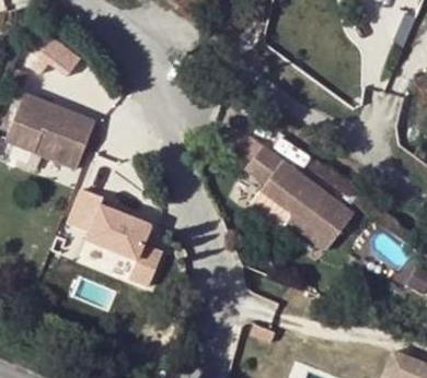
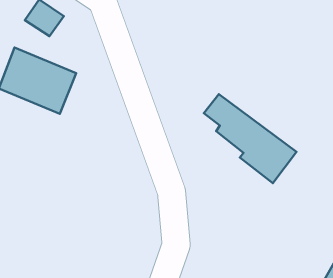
building: [65,192,163,288] -> none

